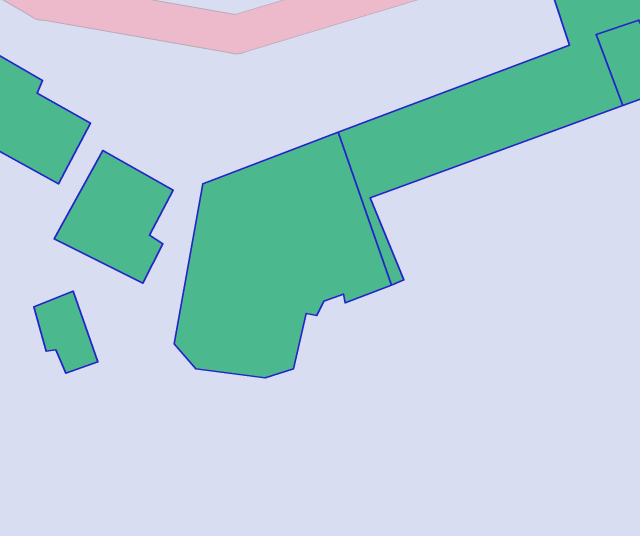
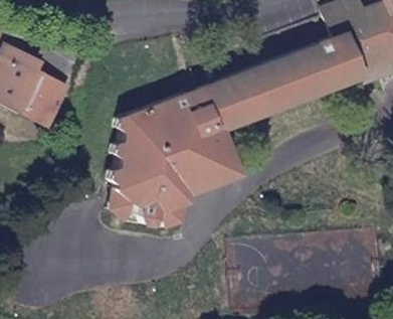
building: [54,150,173,283] -> none
building: [34,291,98,373] -> none

